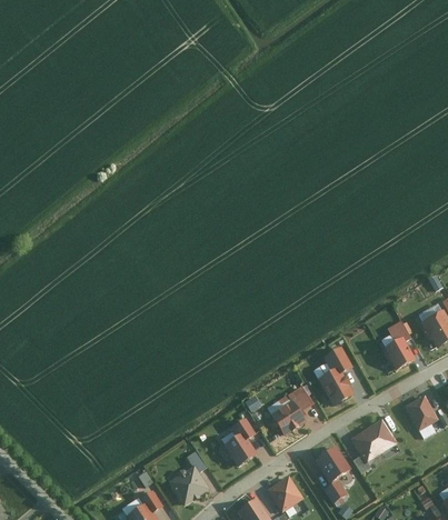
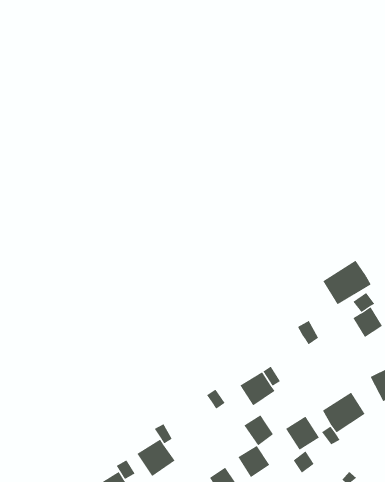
building: none -> [323,260,371,305]
building: [317,368,354,407] -> none
building: [223,432,255,464] -> [244,415,274,446]

